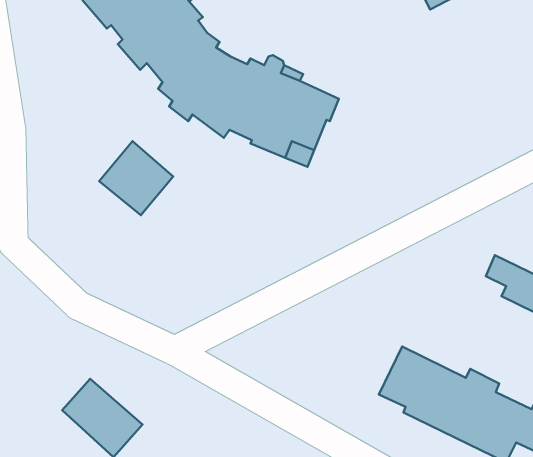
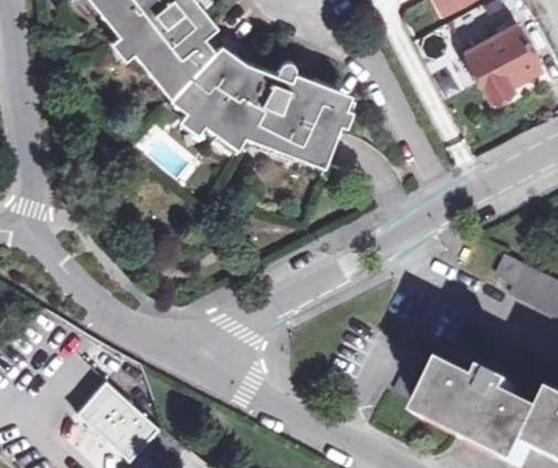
building: none -> [464,27,540,111]
building: [99,141,173,215] -> none

